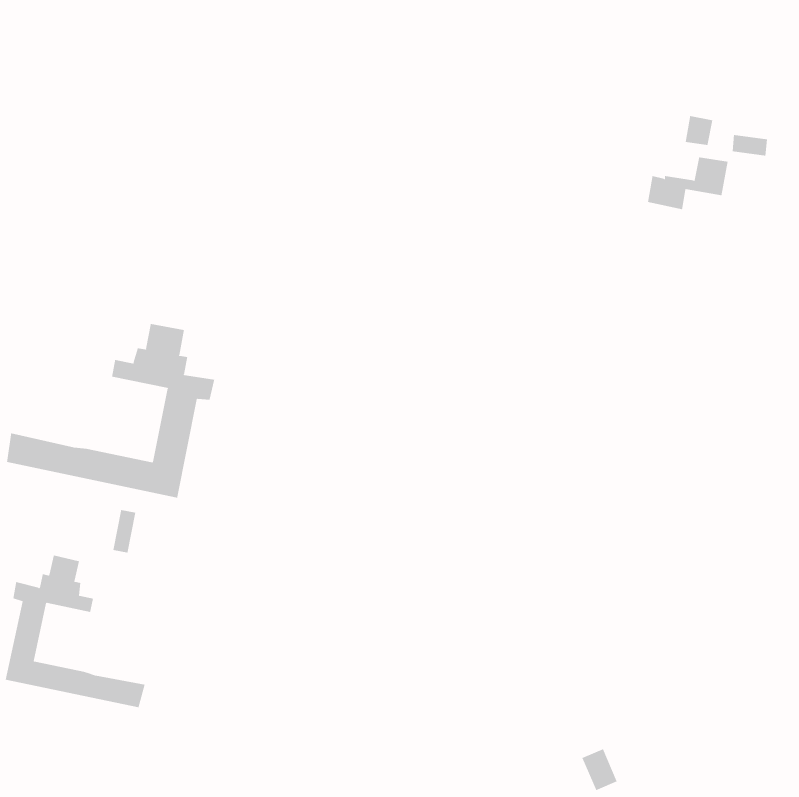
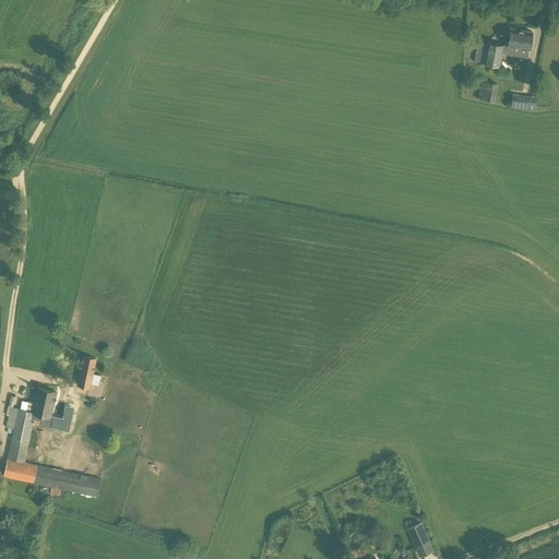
building: [647,157,728,210] -> [475,29,532,67]
building: [6,323,215,498] -> none

